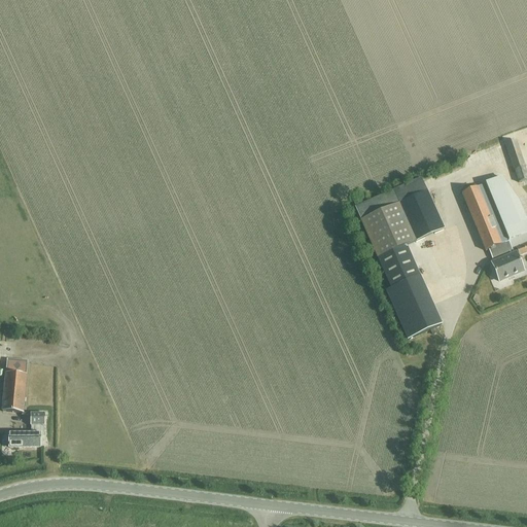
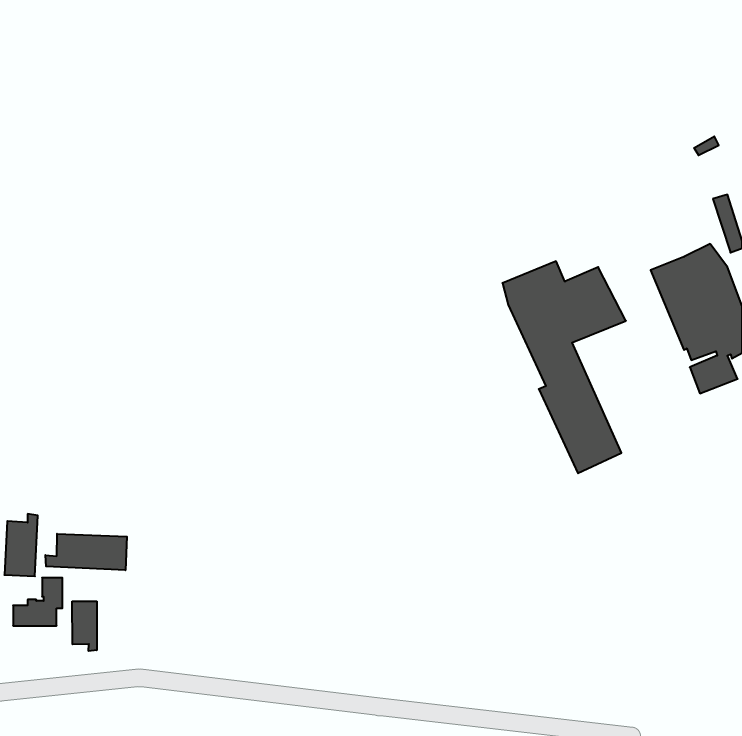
building: none -> [45,534,127,570]
building: none -> [72,601,97,651]

